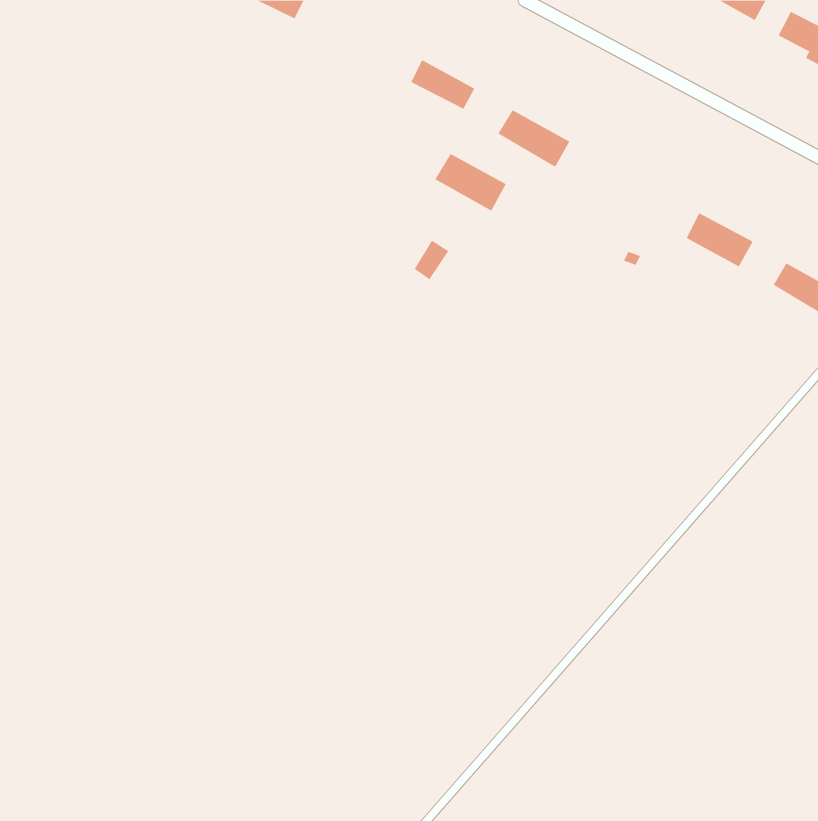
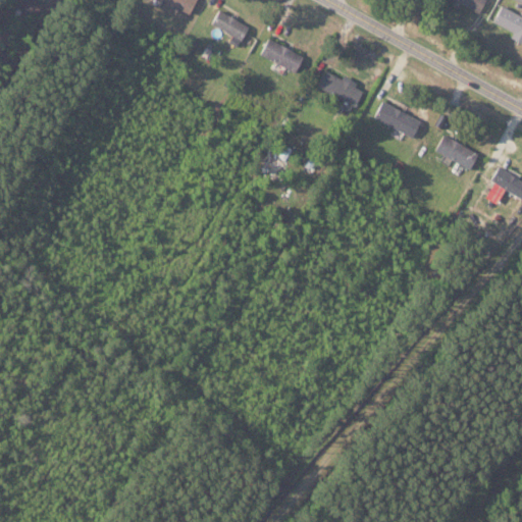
building: none -> [214,11,250,41]
building: [435,153,506,212] -> none
building: none -> [376,101,422,138]

